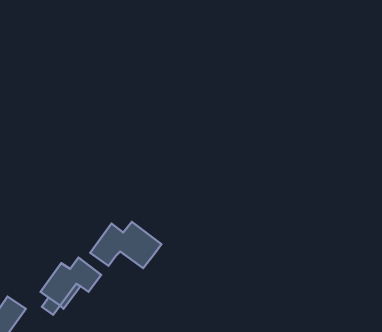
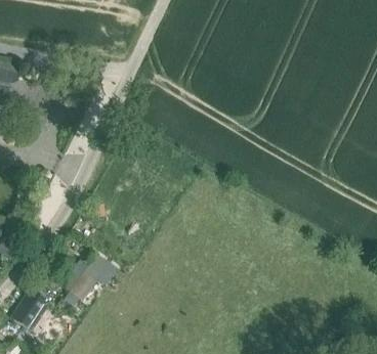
building: [90,222,162,268] -> none

